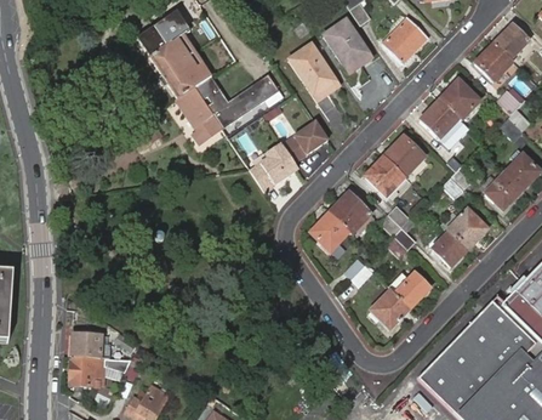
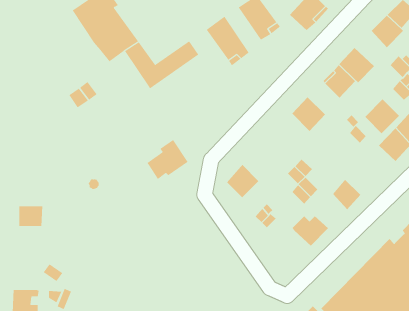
building: [179,85,224,142] -> none
building: [295,120,330,154] -> none
building: [252,141,299,187] -> [147,139,188,180]
building: [366,155,406,195] -> none
building: [330,193,371,234] -> none
building: [445,208,485,248] -> [364,99,400,134]
building: [369,288,407,327] -> none
building: [70,331,98,354] -> [18,206,43,226]

